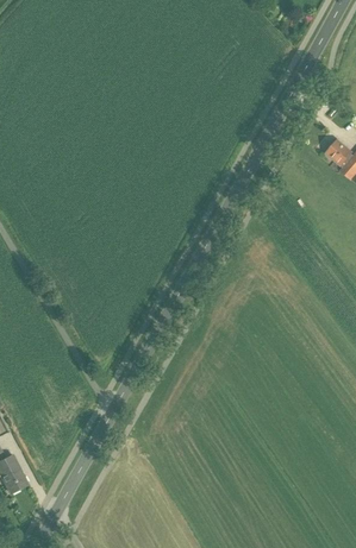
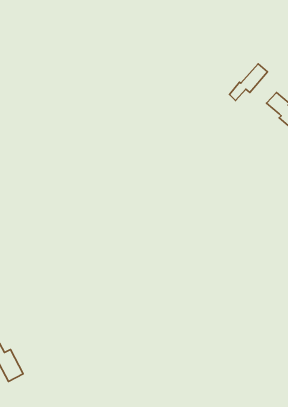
building: none -> [229,64,268,101]

